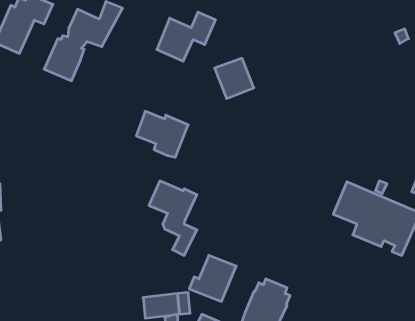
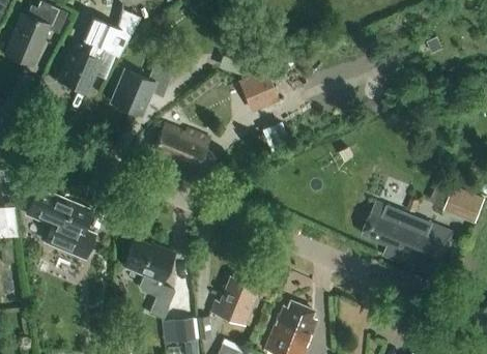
building: [157,12,216,61] -> [111,63,173,115]
building: none -> [26,189,95,259]
building: [149,181,197,255] -> [124,240,175,319]

